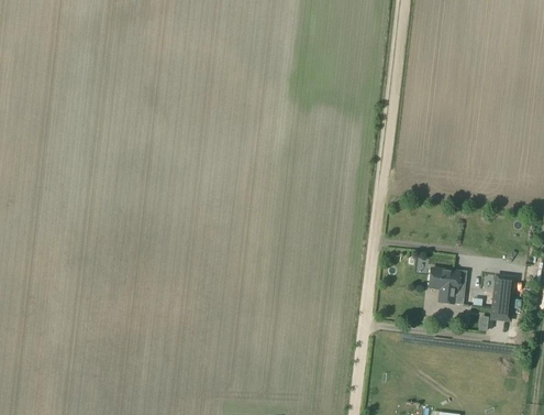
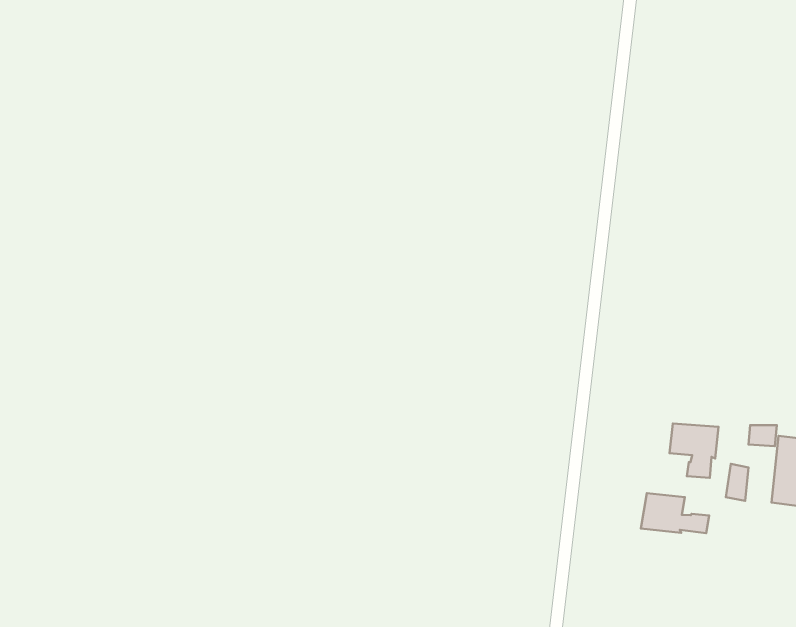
building: none -> [641,493,709,533]

